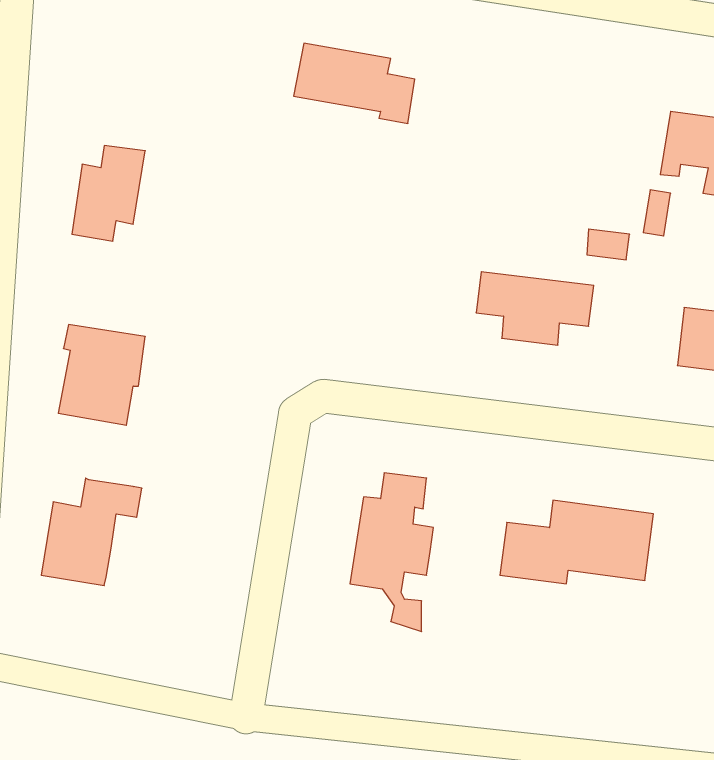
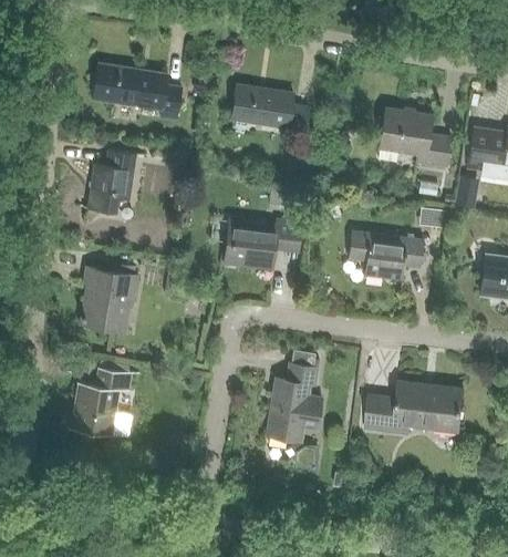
building: none -> [92,63,182,120]
building: none -> [379,109,452,167]
building: none -> [225,219,302,269]

